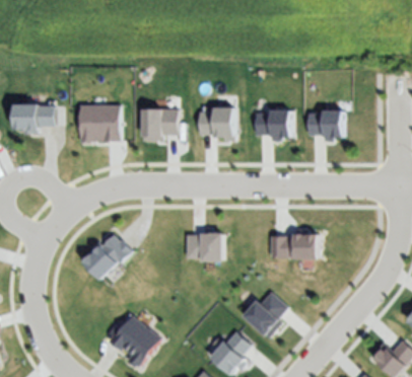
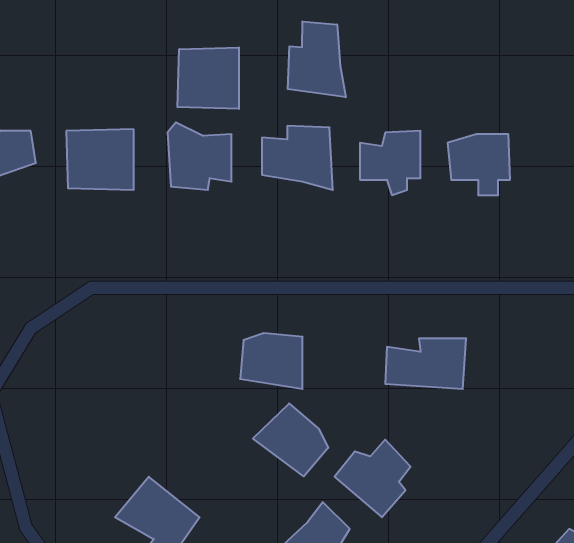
building: none -> [288,21,346,97]
building: none -> [178,47,239,109]
building: [79,231,131,281] -> none
building: none -> [253,403,328,476]

